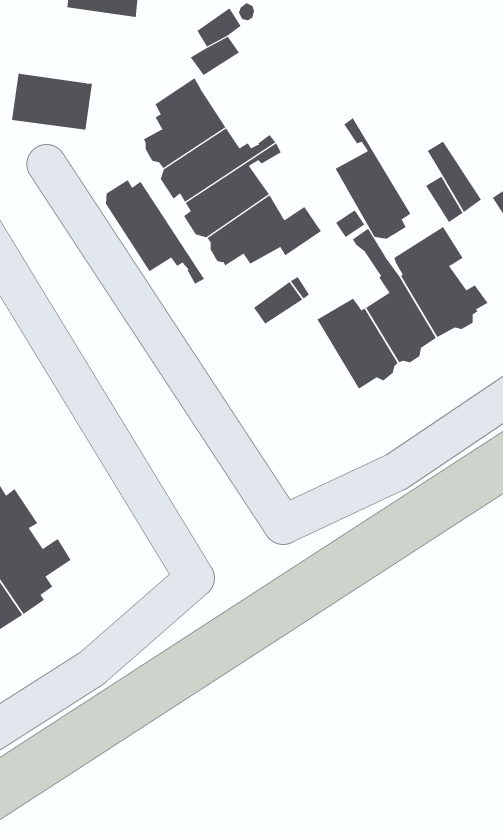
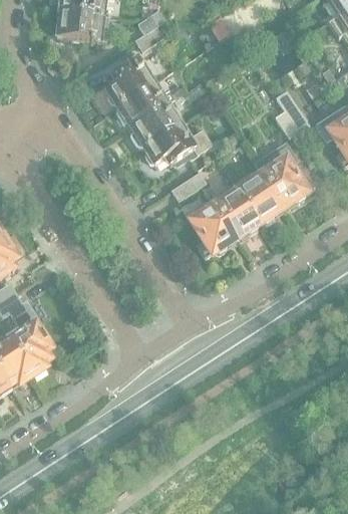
building: [11,73,93,130] -> [55,9,104,43]
building: [335,117,411,239] -> none
building: [105,179,205,284] -> none
building: none -> [186,197,235,257]

